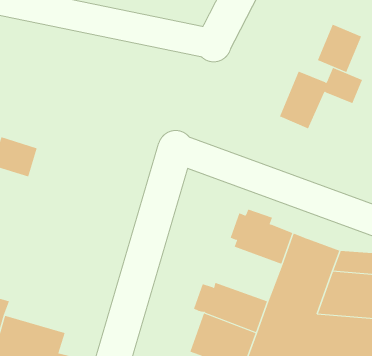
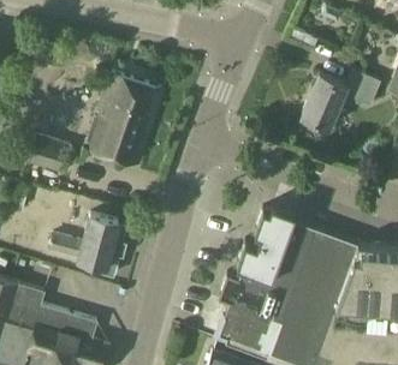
building: [317,24,362,73] -> none
building: none -> [87,72,164,164]
building: none -> [49,216,129,277]
building: none -> [238,240,304,292]

